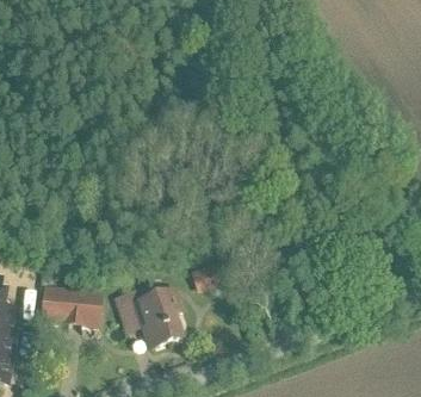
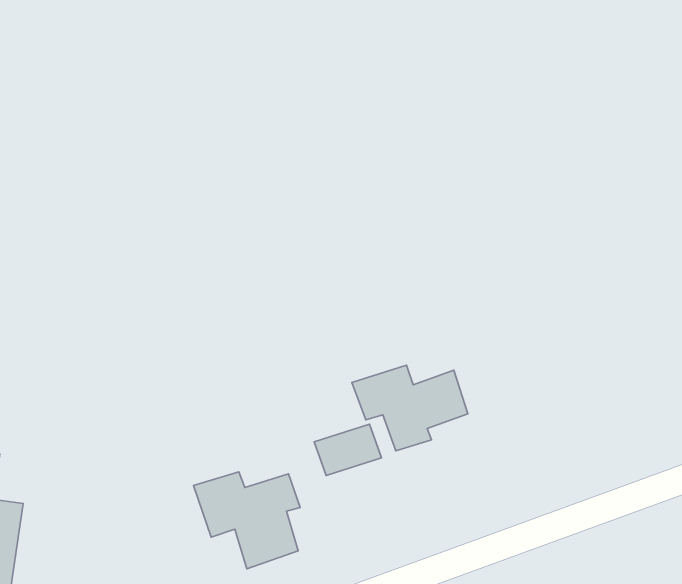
building: none -> [352,365,468,451]
building: [41,286,100,325] -> none

